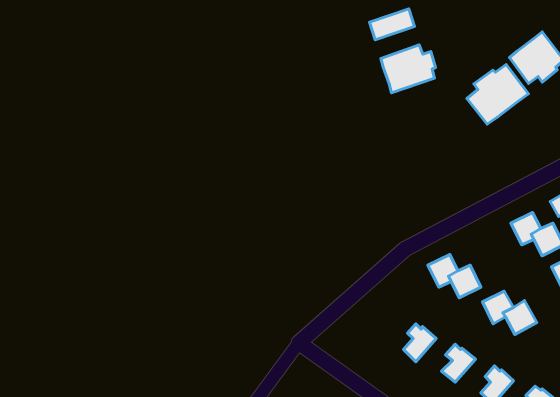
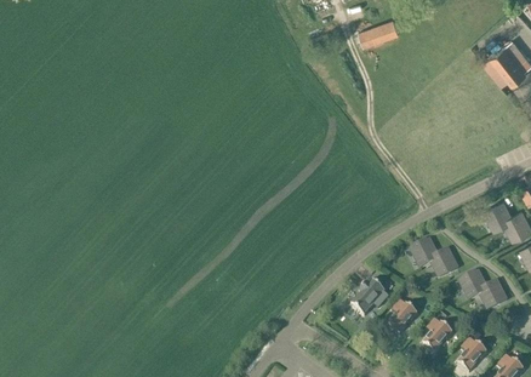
building: [381,45,436,93] -> none
building: [467,65,528,124] -> none
building: none -> [350,279,388,314]

